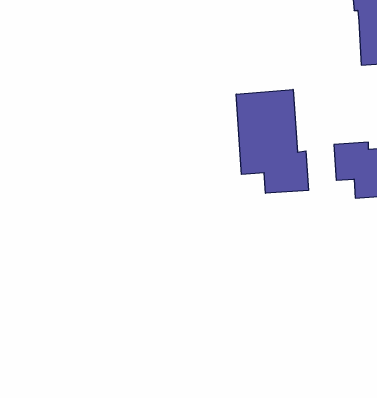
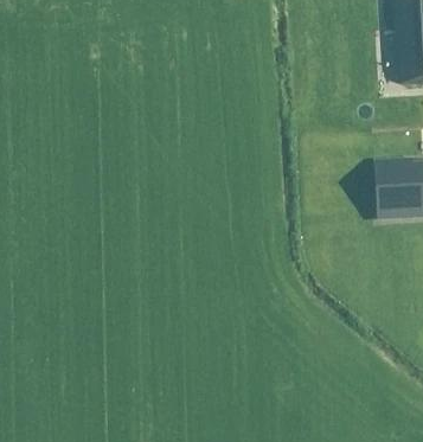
building: [236,89,308,193] -> none

